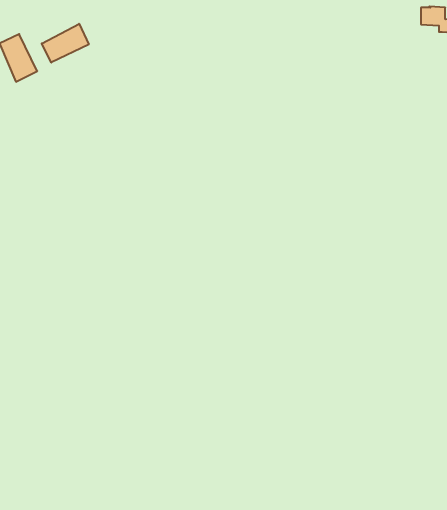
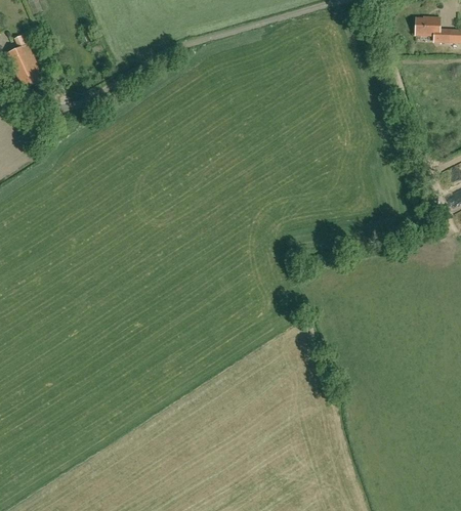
building: [42,24,89,63] -> none

